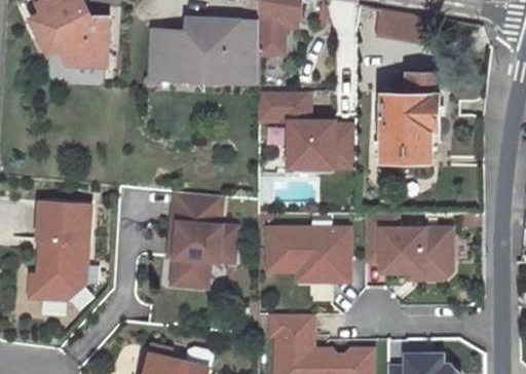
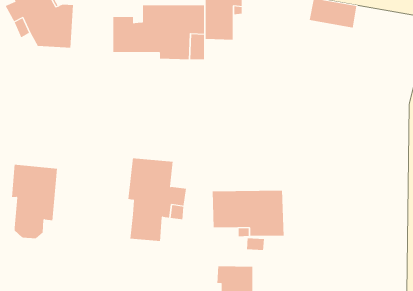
building: [382,74,439,161] -> none
building: [255,92,348,170] -> none
building: [366,215,452,280] -> none
building: [29,263,85,297] -> none

